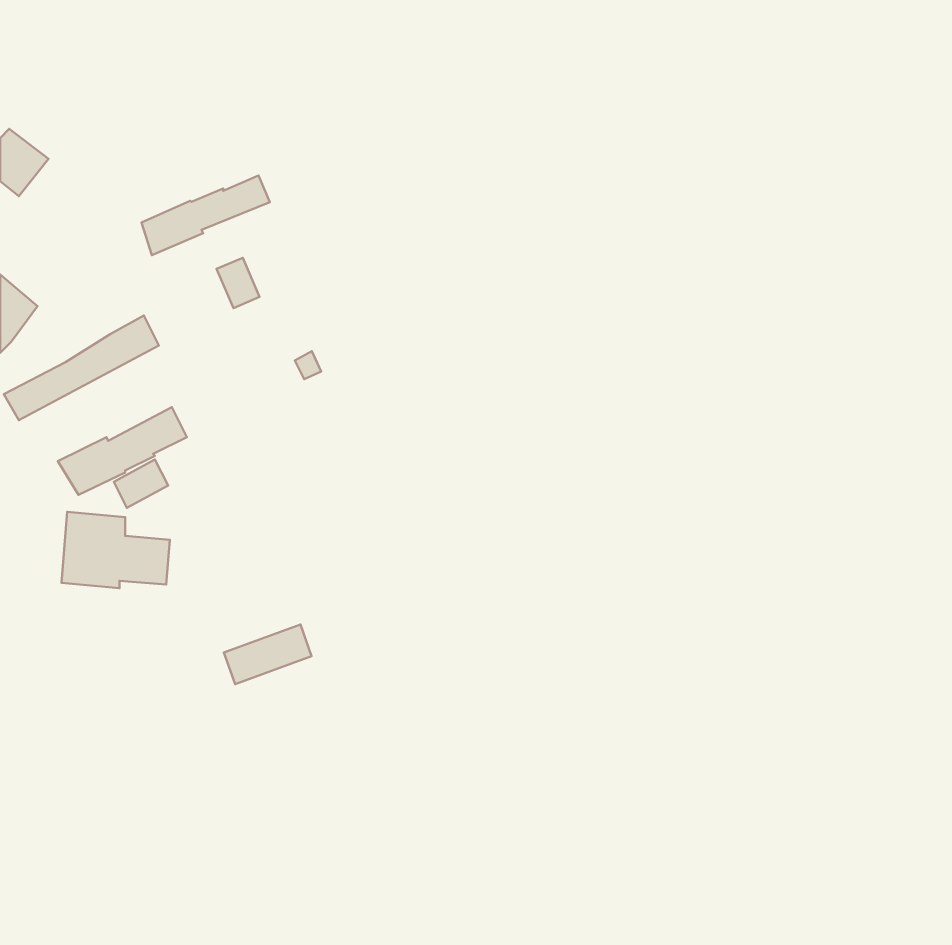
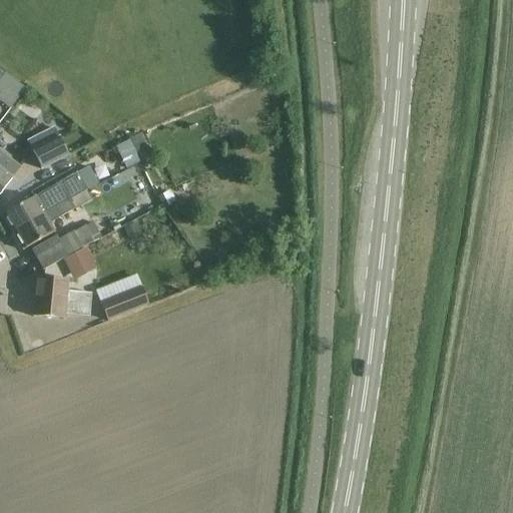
building: [142,176,270,255] -> none
building: none -> [28,123,70,166]
building: none -> [11,178,99,246]
building: [224,625,312,684] -> [101,284,148,316]

